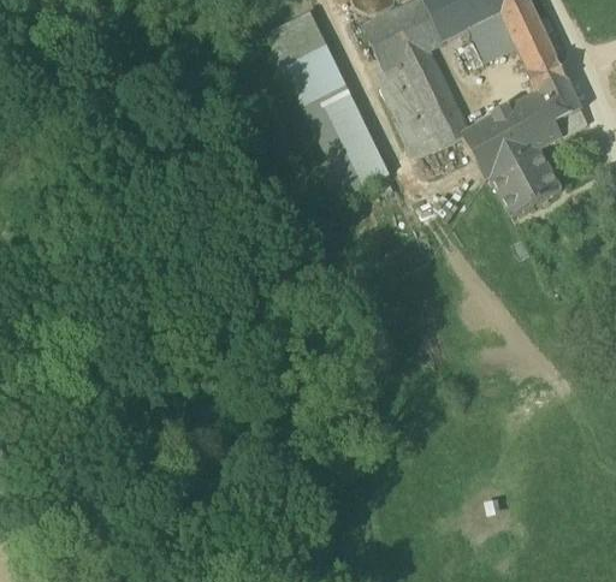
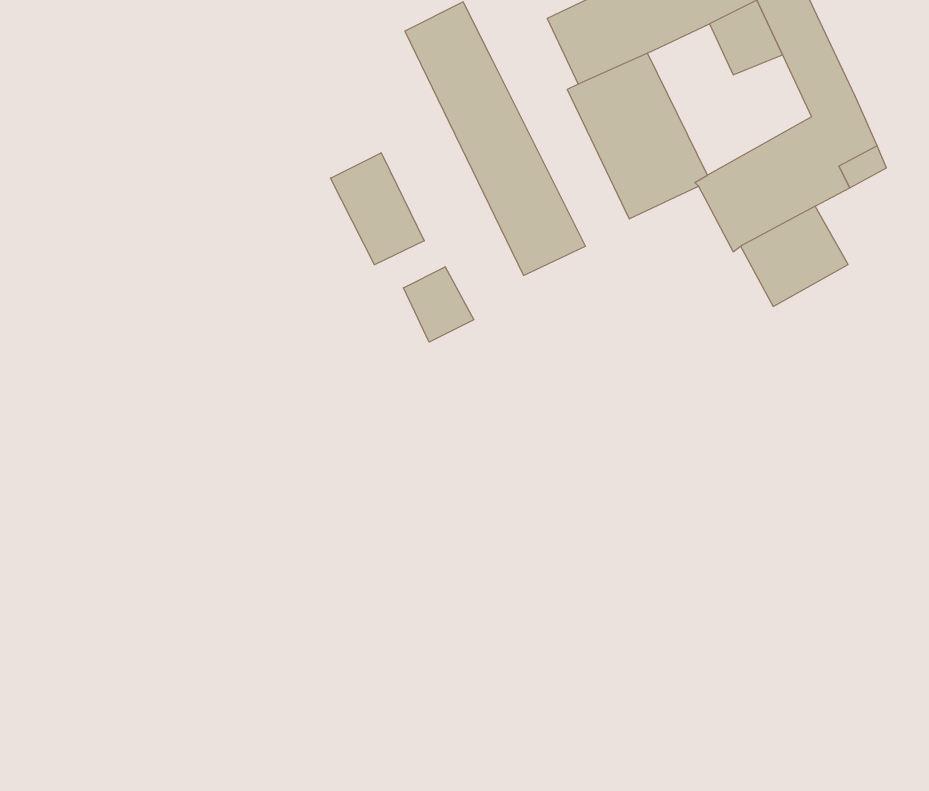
building: none -> [330,153,424,265]
building: none -> [403,267,474,342]

